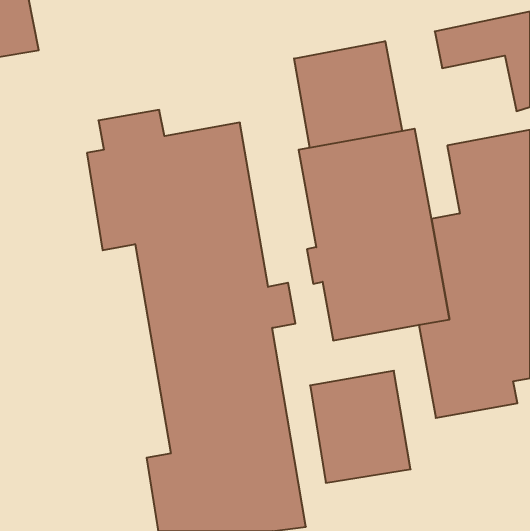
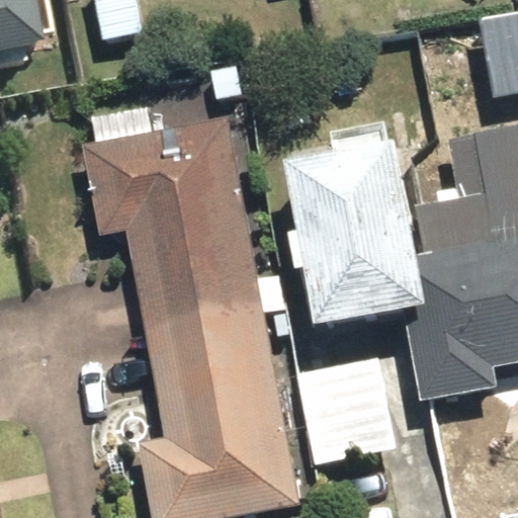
building: [294,41,402,148] -> none

